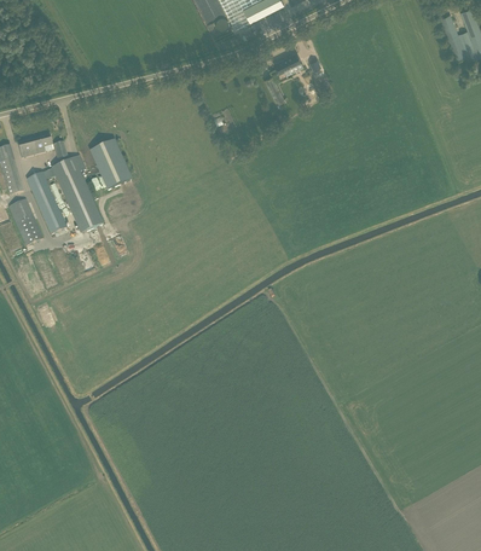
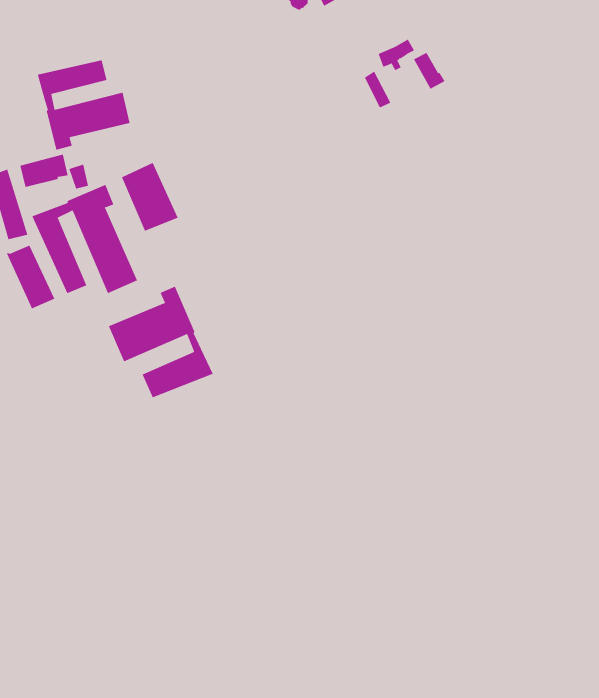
building: none -> [37,60,130,151]
building: none -> [108,286,213,398]

